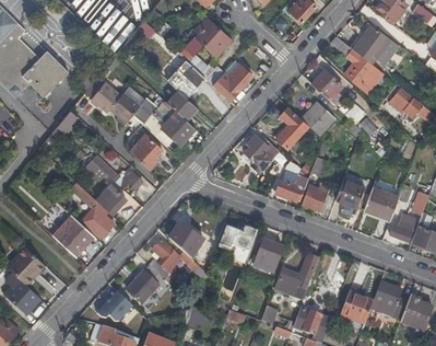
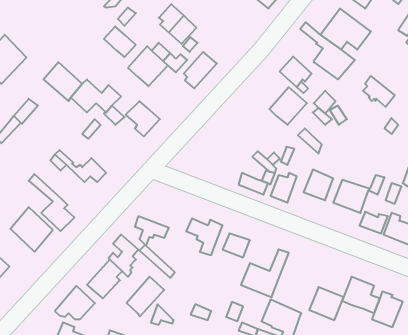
building: [164,90,195,119] -> [104,26,136,57]
building: [273,107,307,150] -> none
building: [131,135,161,169] -> none
building: [243,136,278,173] -> none
building: [99,184,126,215] -> none
building: none -> [127,277,164,316]

